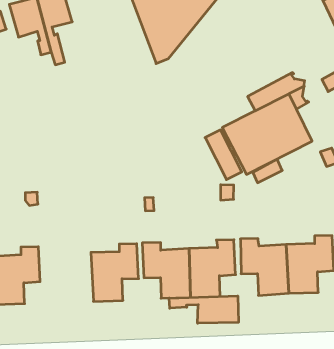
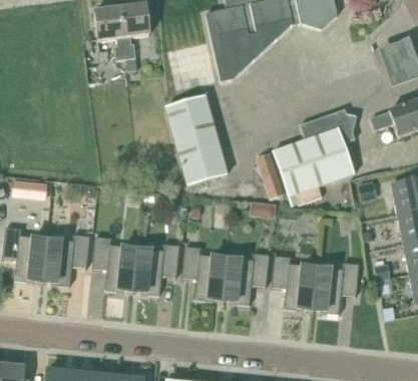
building: none -> [165,94,227,183]
building: none -> [92,236,136,292]
building: [169,296,238,323] -> none

